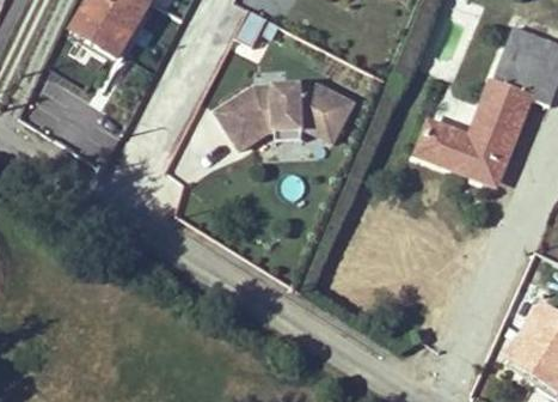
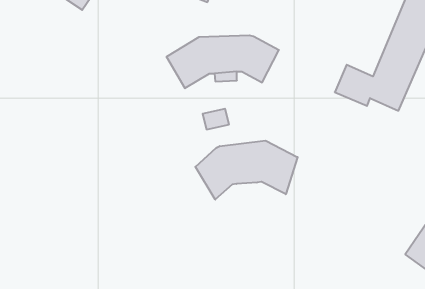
building: none -> [195,141,298,200]

